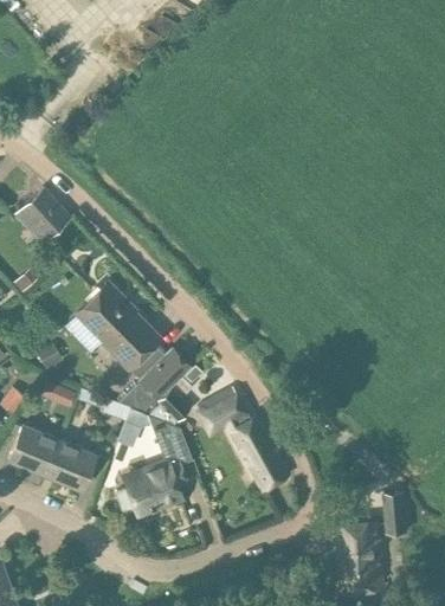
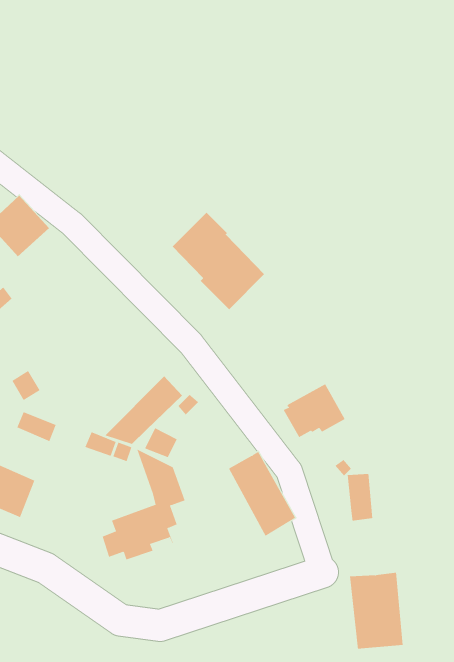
building: [76,282,159,369] -> [172,212,265,310]
building: [194,388,250,437] -> [283,383,345,438]
building: [44,443,93,490] -> none
building: [385,492,408,535] -> [347,473,373,521]

